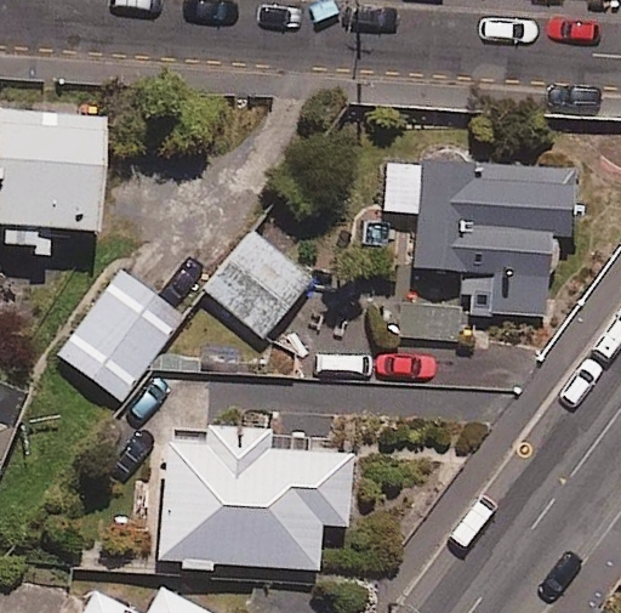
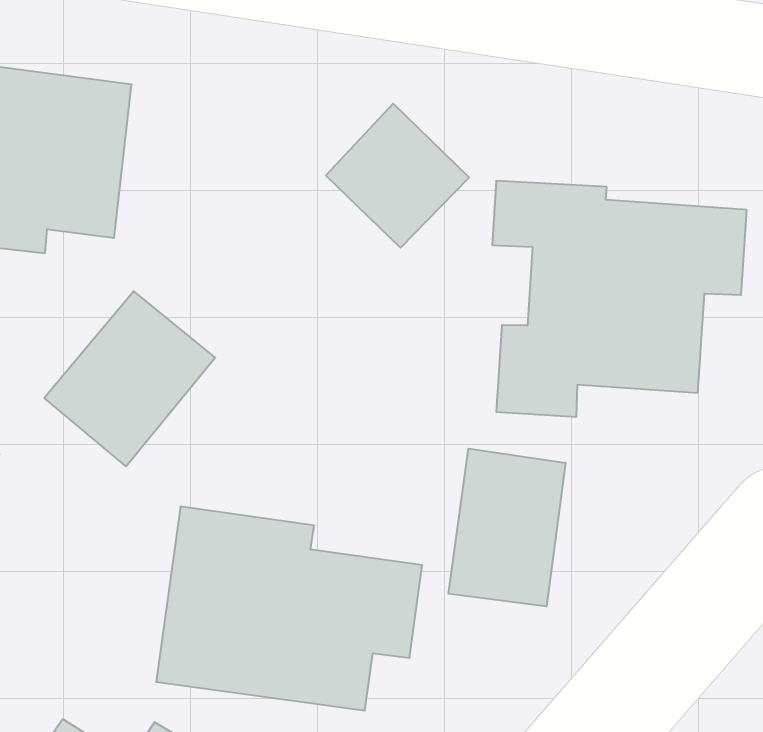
building: [203,227,310,335] -> [326,104,469,248]
building: none -> [449,449,565,607]

